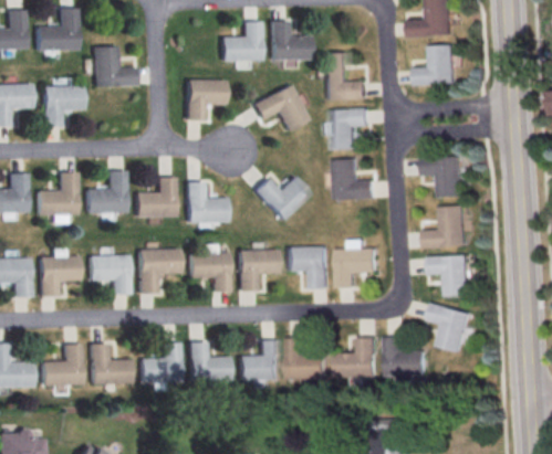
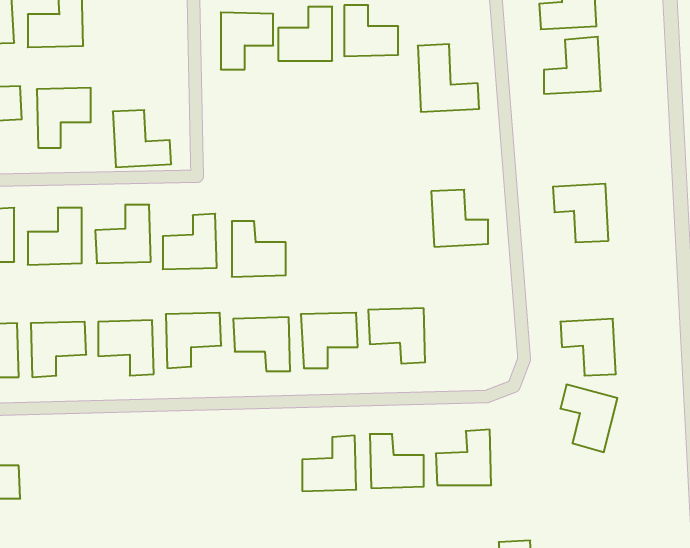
building: [94,44,137,86] -> [113,110,171,167]
building: [187,80,226,122] -> [221,12,273,69]
building: [254,84,310,131] -> none
building: [333,108,372,150] -> none
building: [254,176,311,221] -> none
building: [426,205,468,247] -> none
building: [339,247,379,288] -> none
building: [388,335,428,376] -> none
building: [140,342,180,383] -> none
building: [189,342,230,382] -> none
building: [42,345,82,386] -> none
building: [91,345,131,384] -> none

